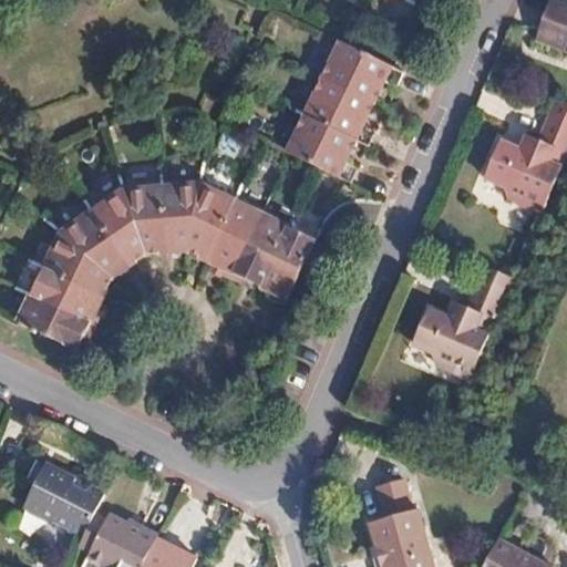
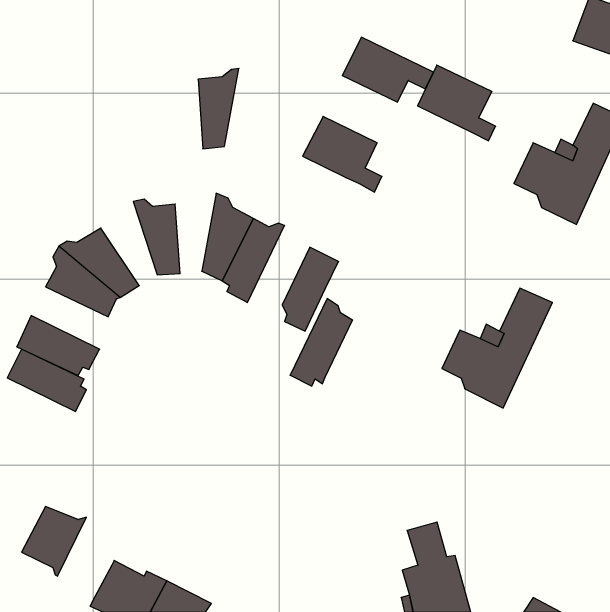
building: [301,70,373,140] -> [418,65,496,141]
building: [165,178,203,252] -> [198,68,239,149]
building: [96,186,148,264] -> none
building: [231,208,289,289] -> [290,299,353,386]
building: [32,265,105,322] -> [7,349,86,411]
building: [56,477,104,539] -> none

